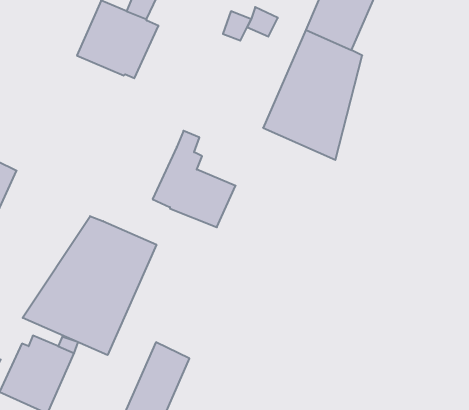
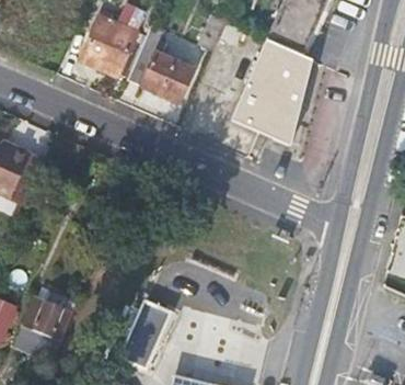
building: [153,131,236,227] -> [127,23,195,102]
building: [23,216,156,355] -> none

